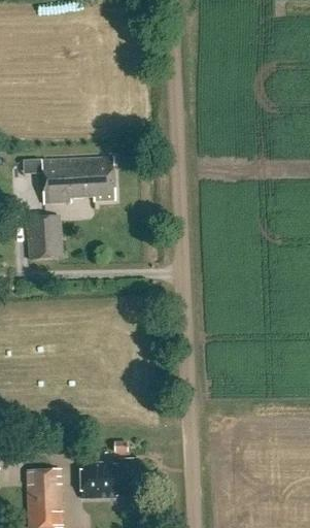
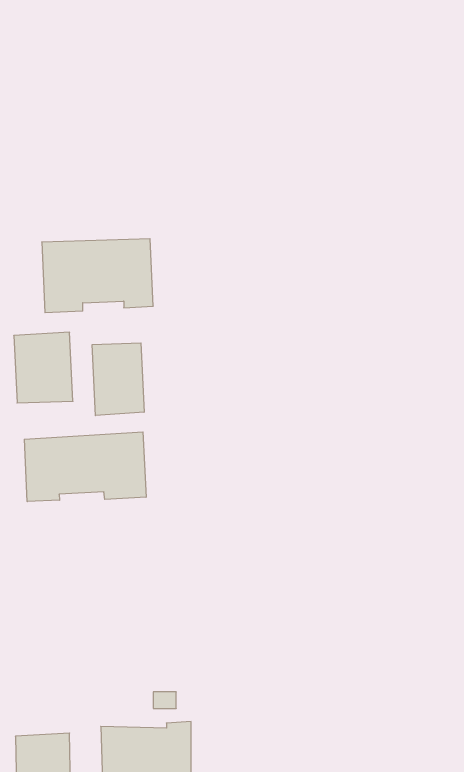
building: none -> [92,343,144,416]
building: none -> [24,432,146,502]

